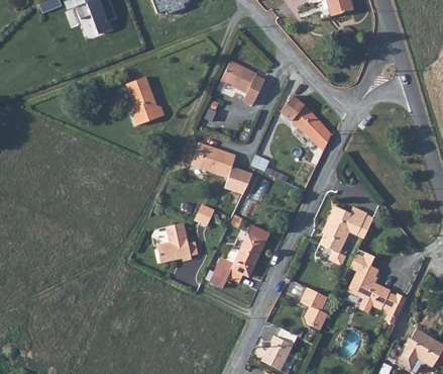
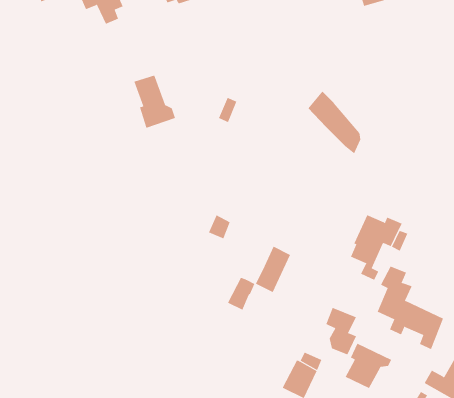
building: [222,61,265,105] -> none
building: [190,144,252,194] -> none
building: [157,222,192,262] -> none
building: none -> [345,343,392,389]

